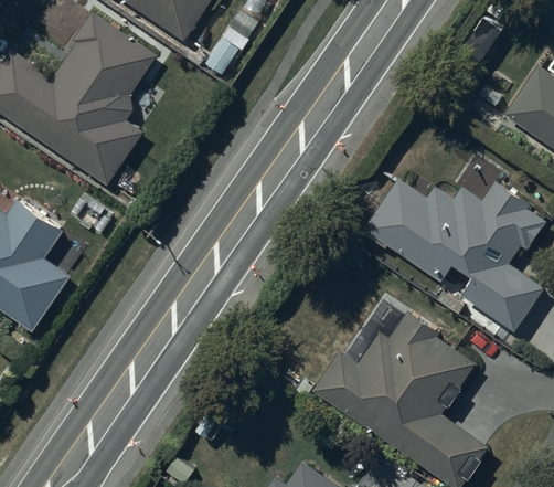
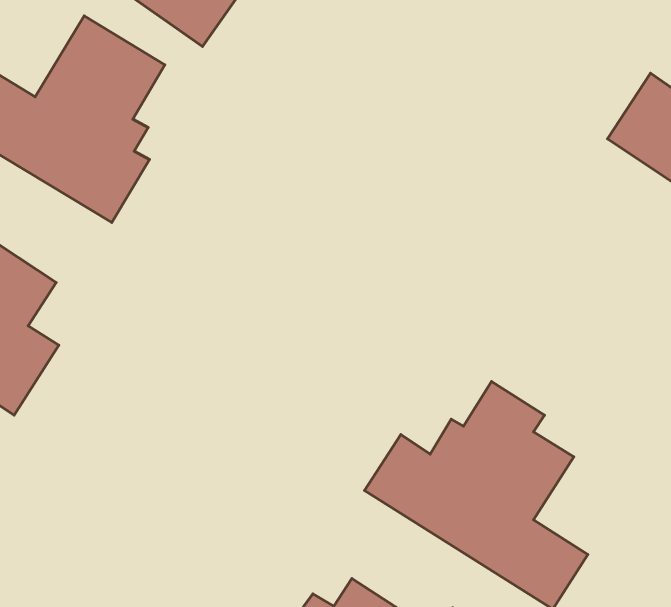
building: [360,176,547,336] -> none

